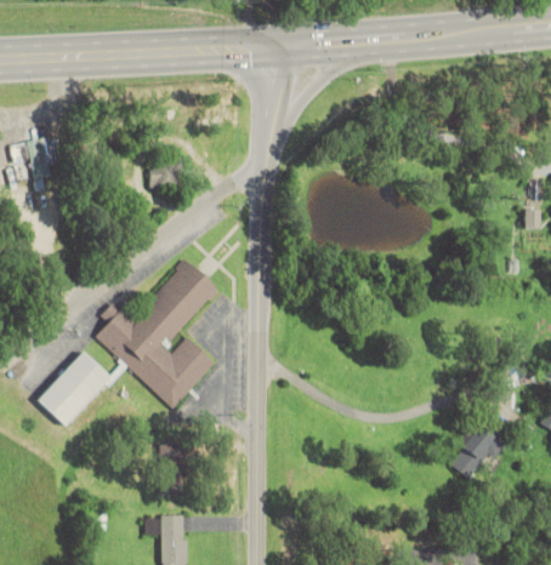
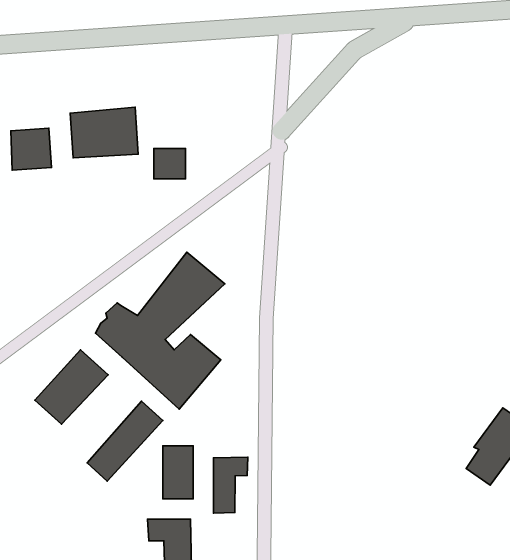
building: none -> [70,107,138,158]
building: none -> [87,401,163,481]
building: none -> [213,457,248,513]

